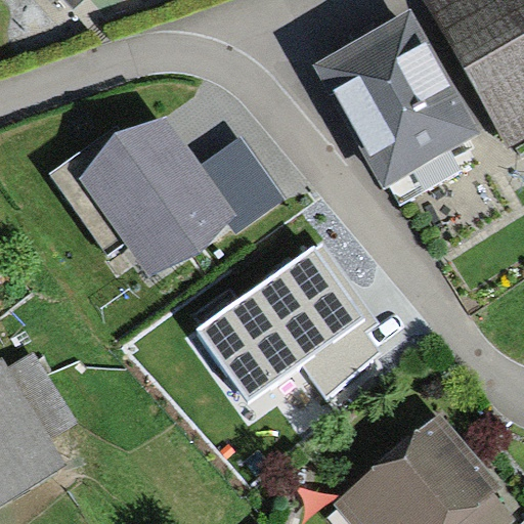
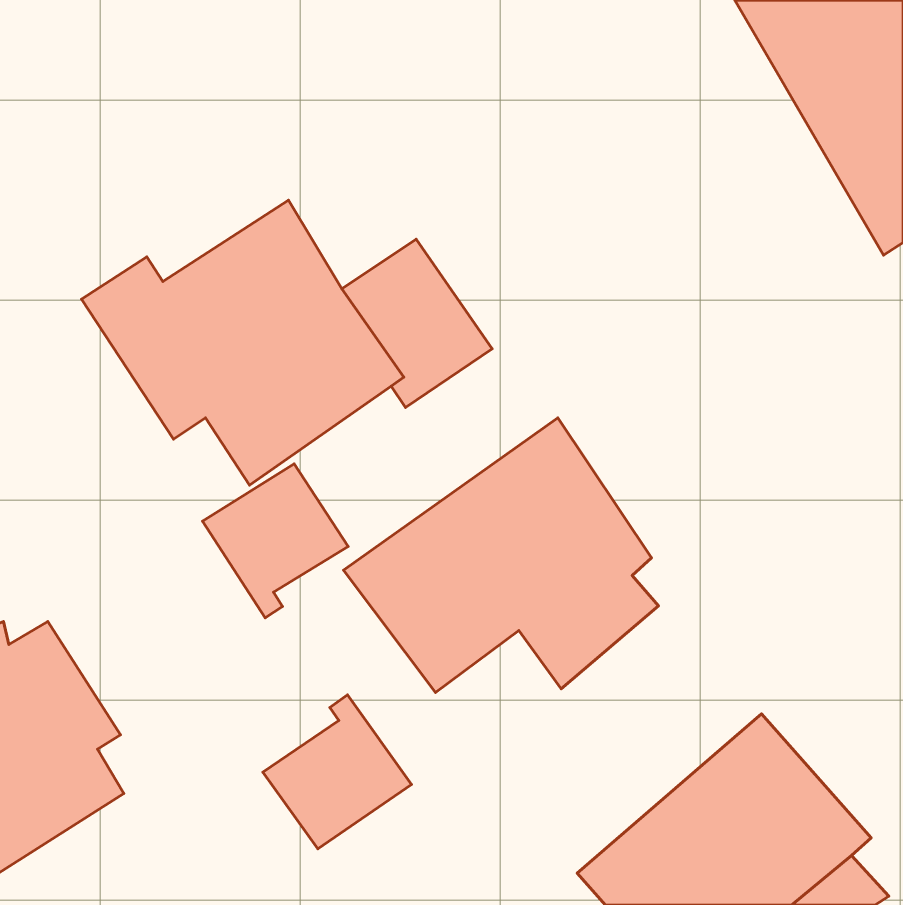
building: [315,12,479,203] -> none
building: none -> [202,464,348,618]
building: none -> [263,695,411,849]

